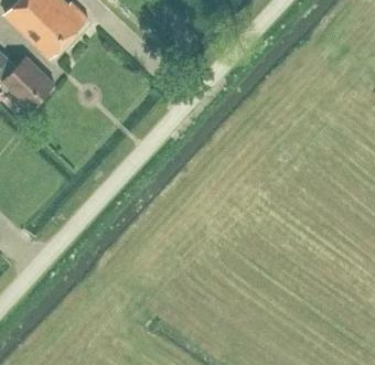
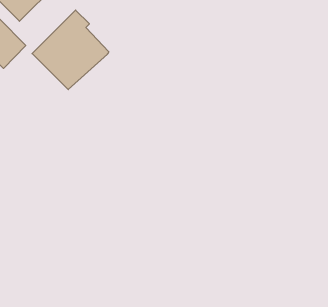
building: none -> [32,10,109,90]

